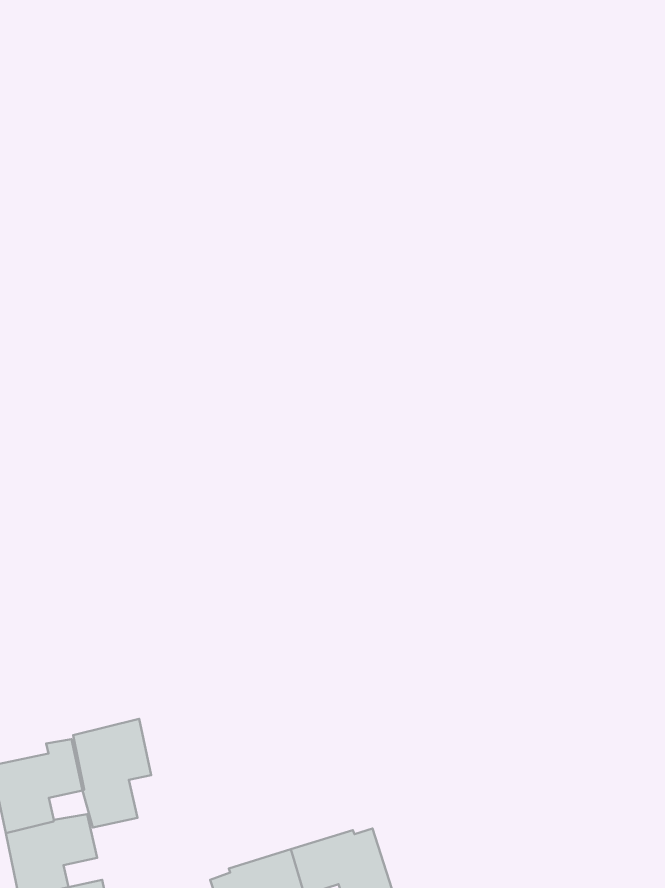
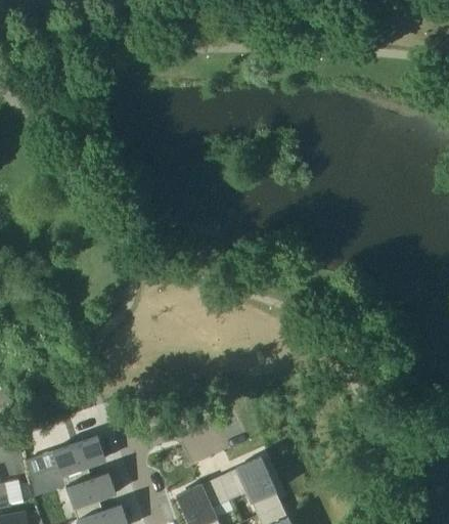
building: [73,719,151,827] -> none

